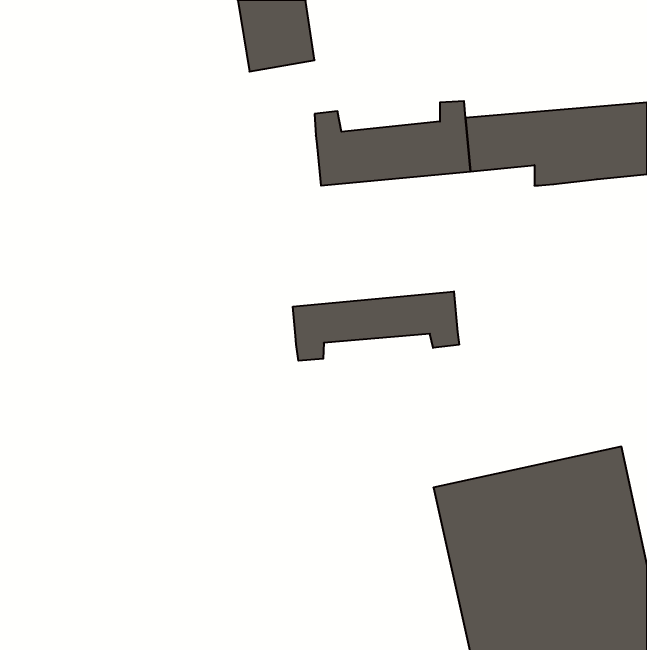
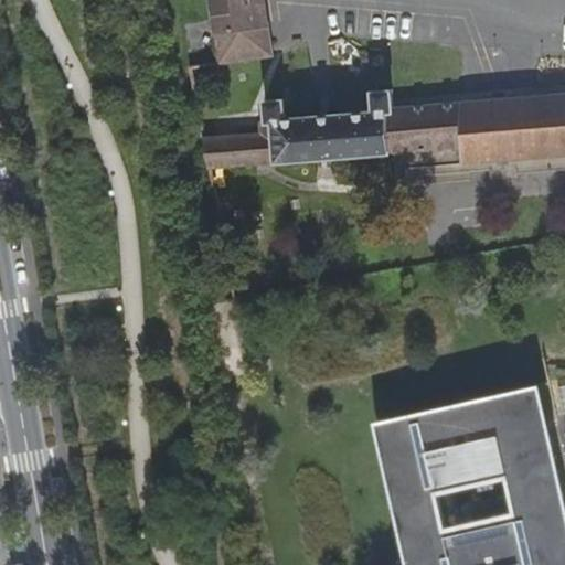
building: none -> [202,119,277,170]
building: [293,291,459,361] -> none

